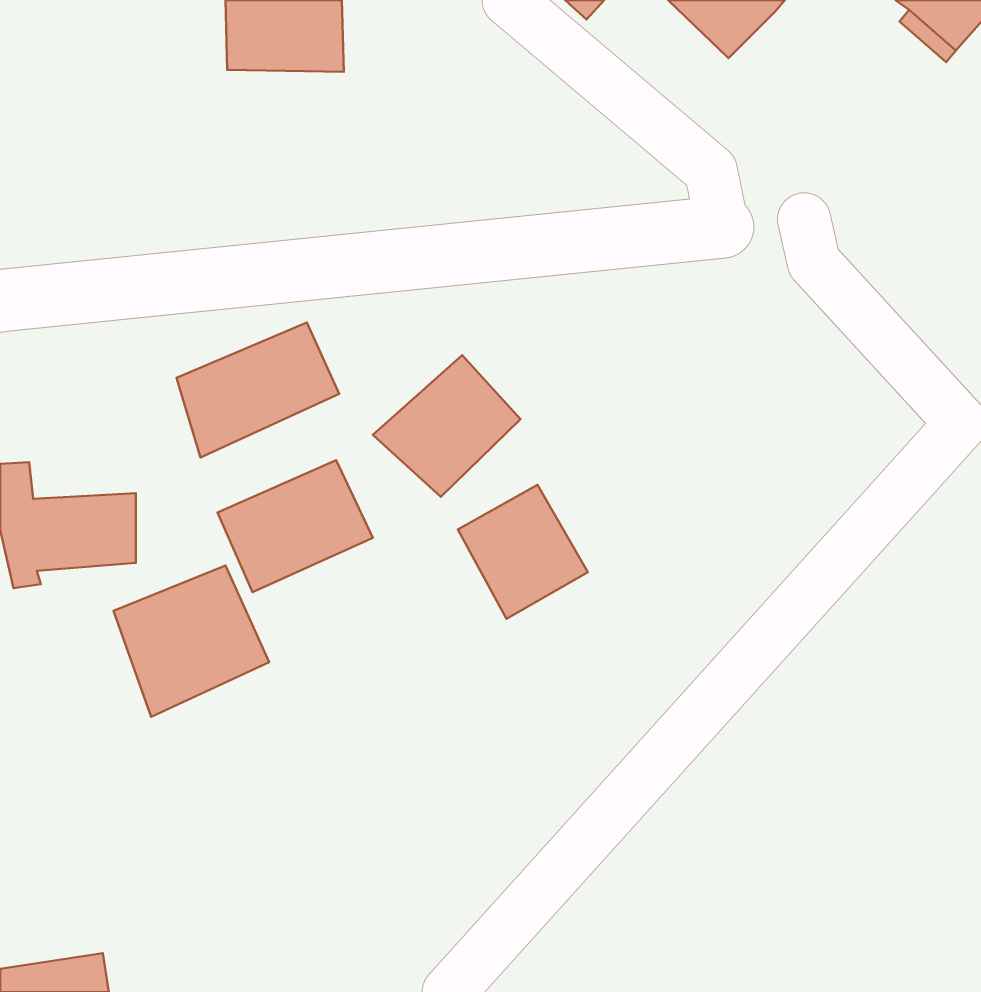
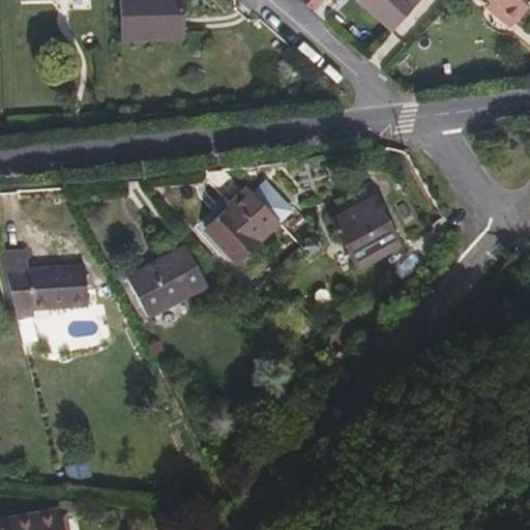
building: [176,323,339,457] -> none
building: [458,485,588,619] -> [334,199,404,270]
building: [113,565,269,717] -> none

